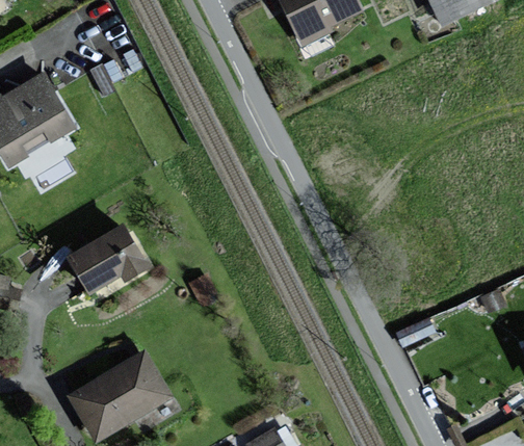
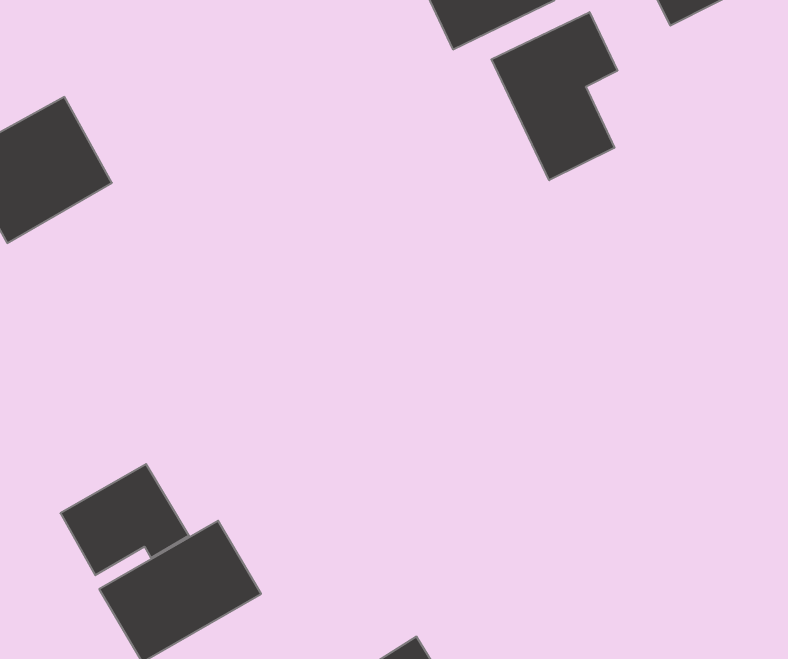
building: none -> [491,12,617,180]
building: [67,221,151,294] -> [60,464,189,575]

